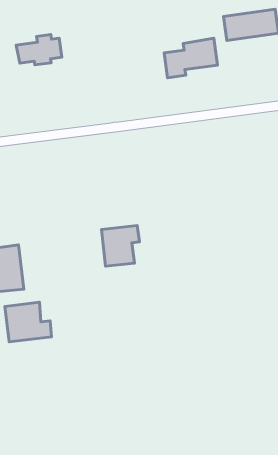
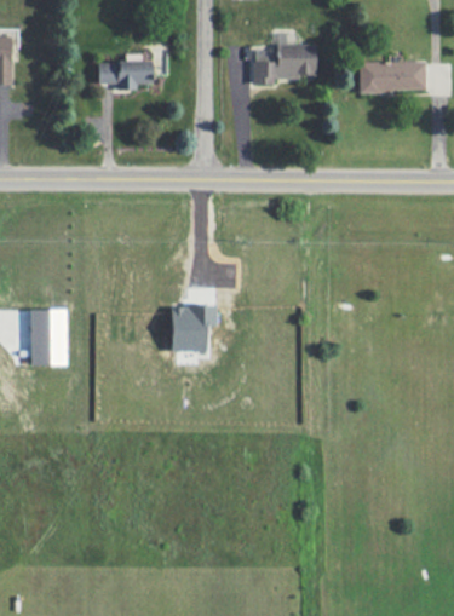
building: [164,38,218,78] -> [252,44,316,85]
building: [5,302,51,342] -> none

